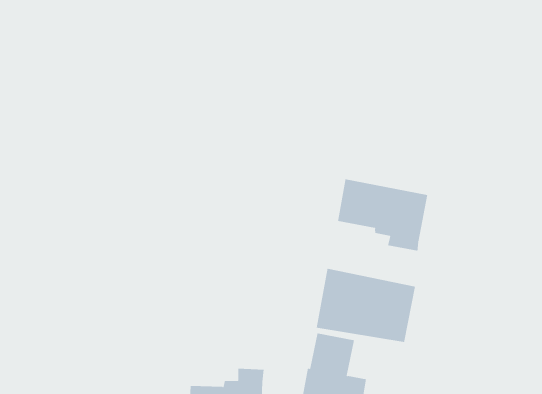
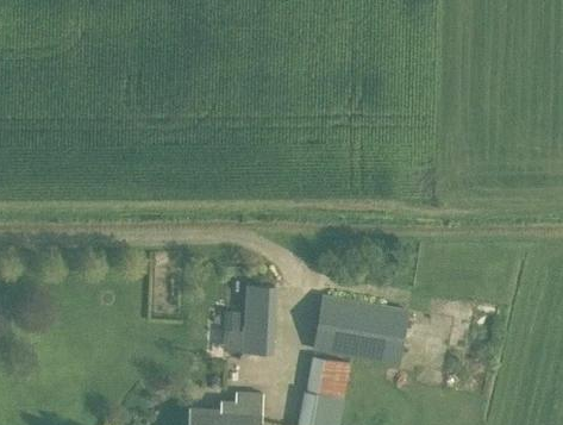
building: [337,179,428,252] -> none
building: none -> [221,282,274,351]

